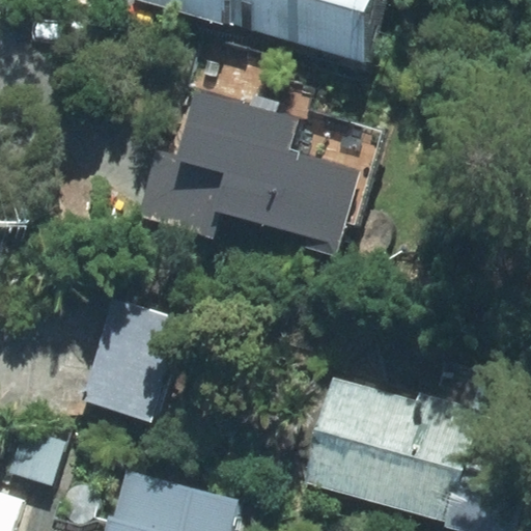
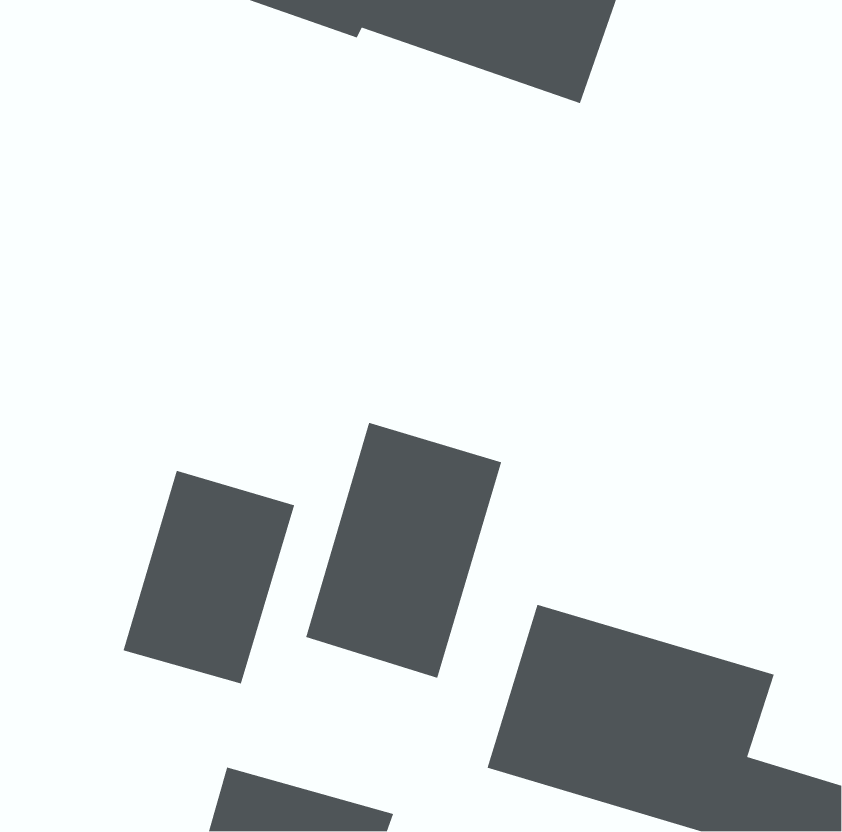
building: [129,95,360,258] -> none
building: none -> [305,422,502,679]

